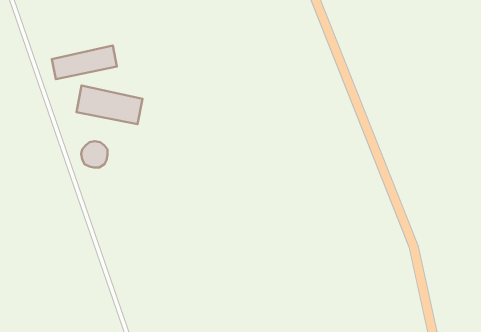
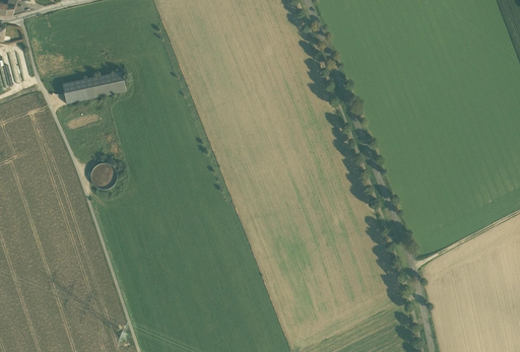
building: [76,85,143,124] -> none

